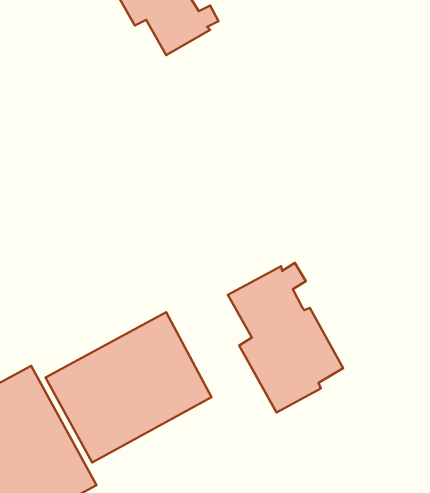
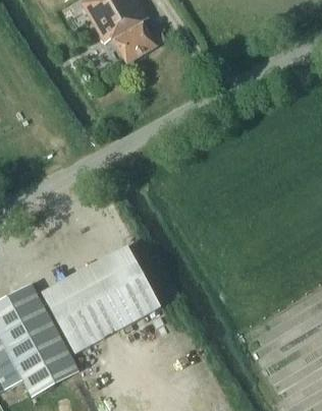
building: [228,263,343,413] -> none

